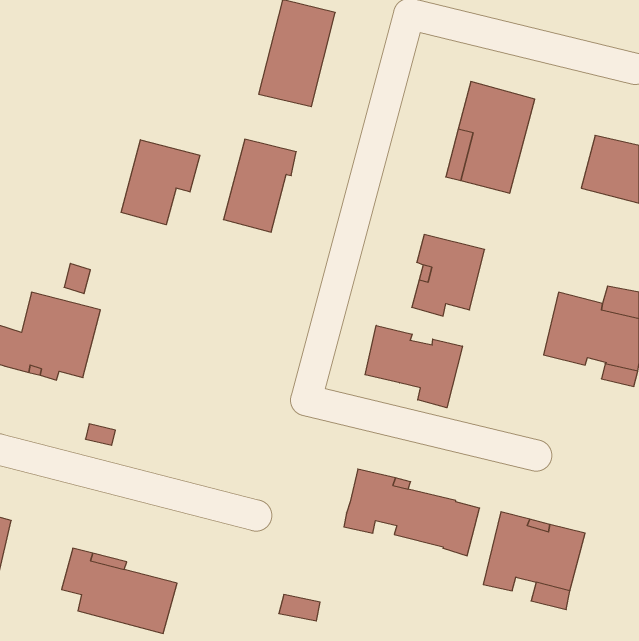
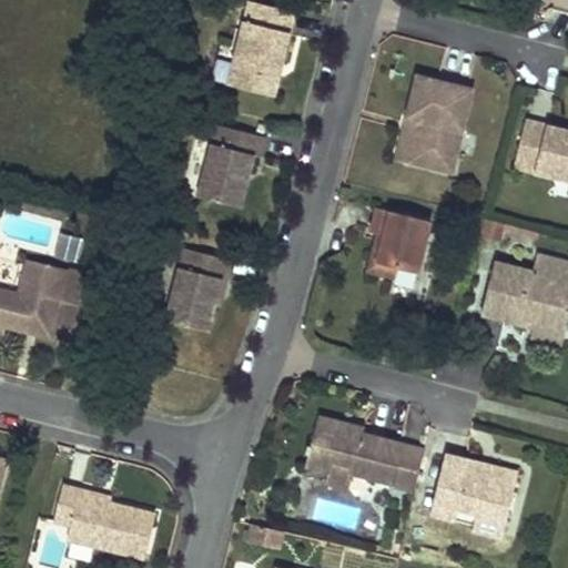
building: [121,140,200,225] -> none
building: none -> [165,247,232,331]
building: [365,325,462,408] -> none

